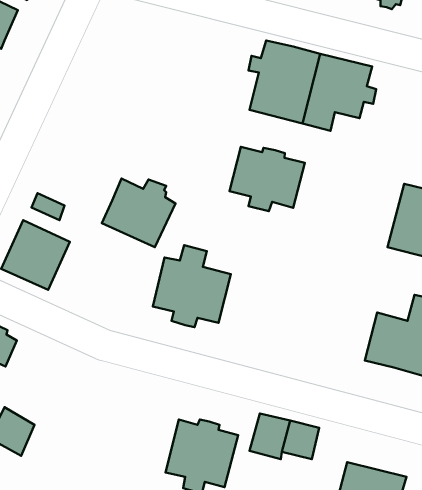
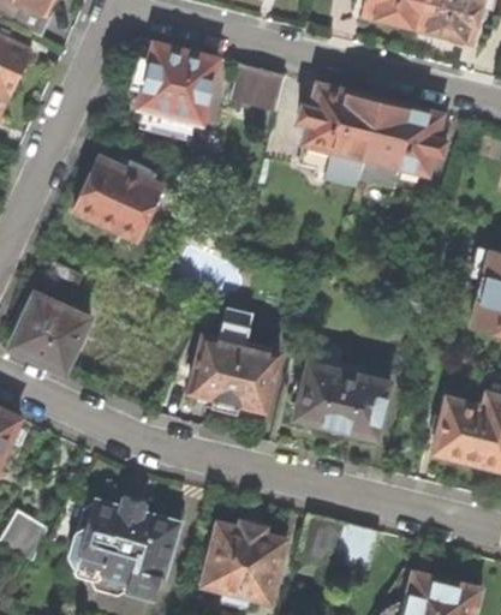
building: none -> [135,43,219,132]
building: none -> [232,64,286,109]
building: [230,147,305,211] -> none
building: [102,179,175,247] -> [77,157,162,237]
building: none -> [294,363,390,440]
building: none -> [64,494,179,597]

